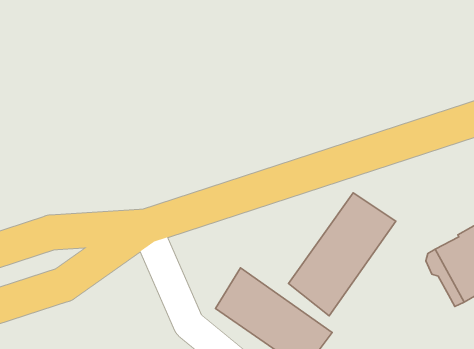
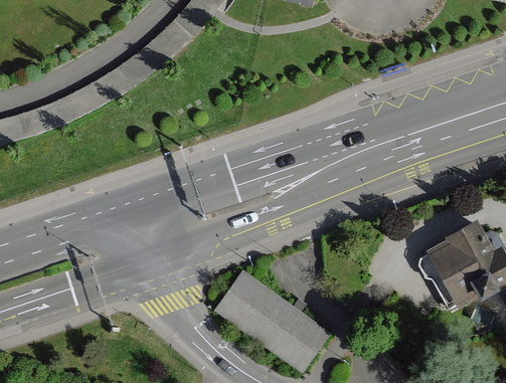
building: [288,193,396,316] -> none

